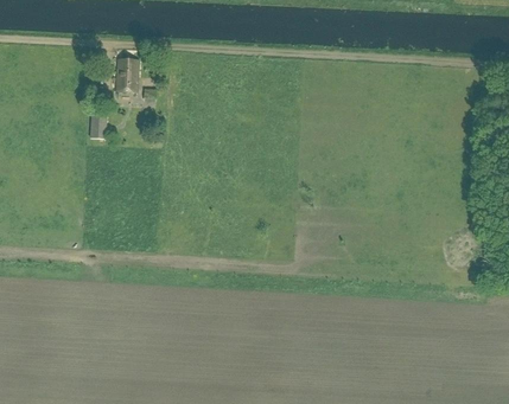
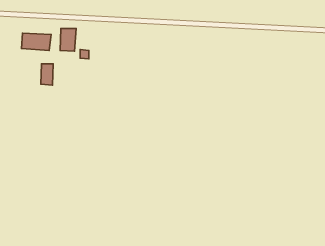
building: none -> [22,33,51,51]

